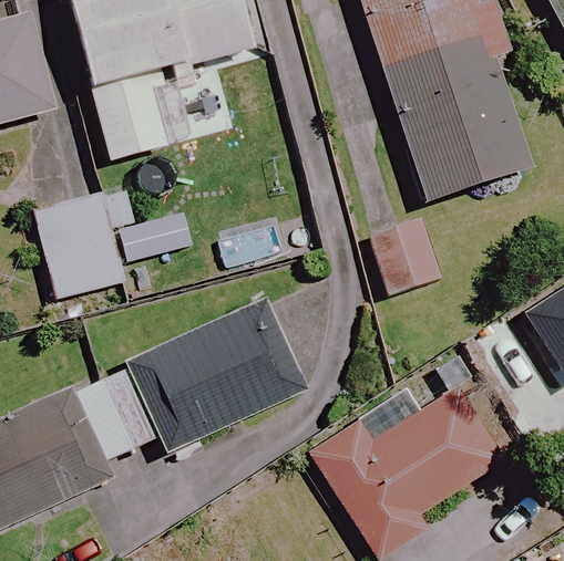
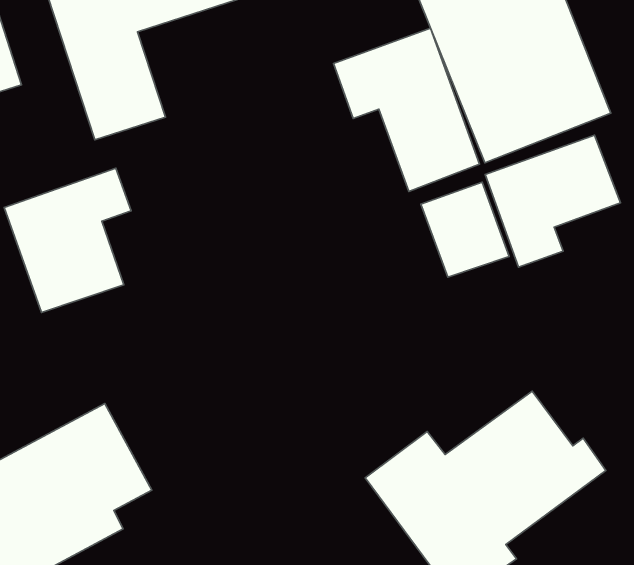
building: none -> [334,28,479,191]
building: none -> [485,135,620,267]
building: [104,301,305,451] -> none

